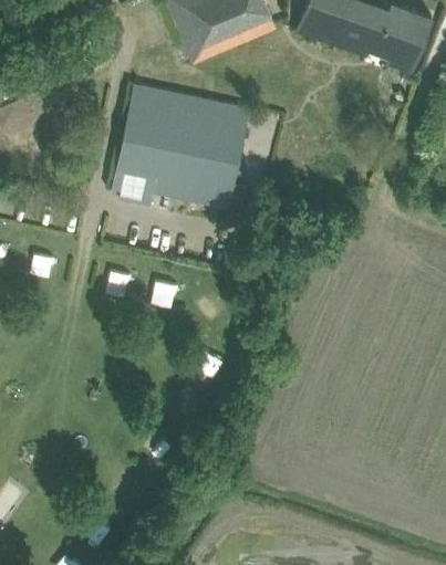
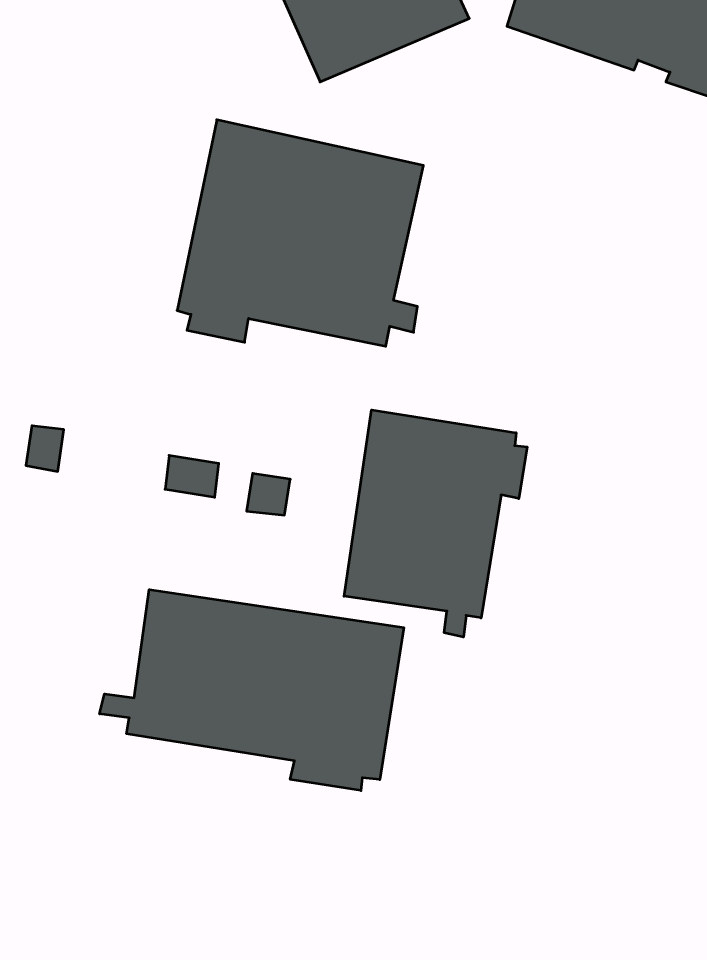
building: none -> [344,410,527,637]
building: none -> [100,590,404,791]

